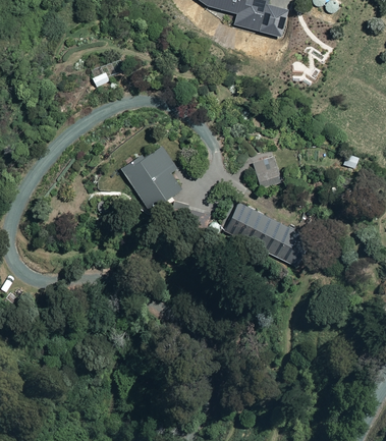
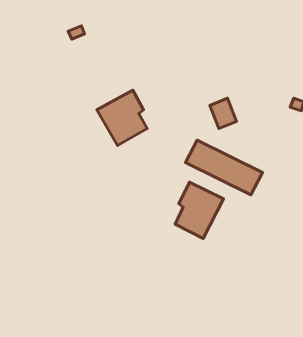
building: none -> [175,182,223,239]

